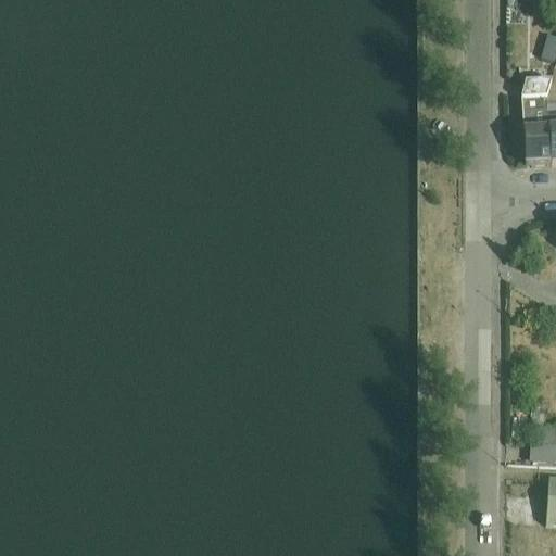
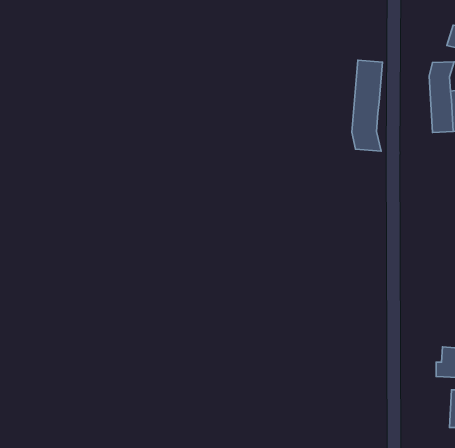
building: none -> [352,60,382,151]

